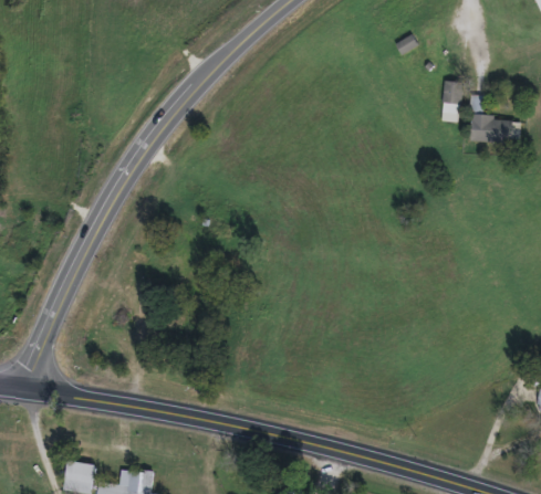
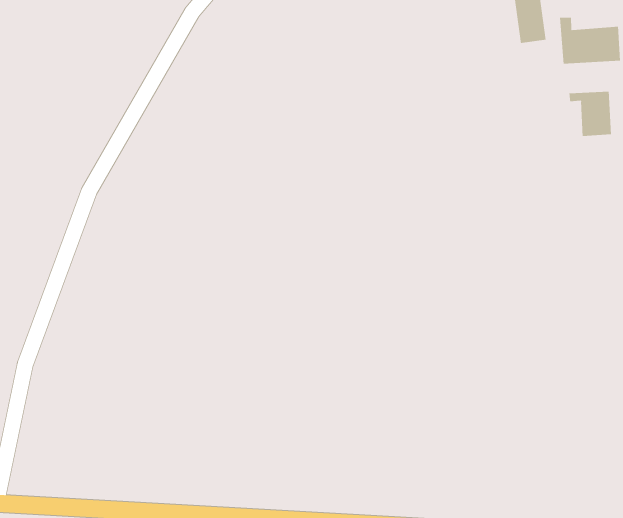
building: none -> [569,91,612,137]

